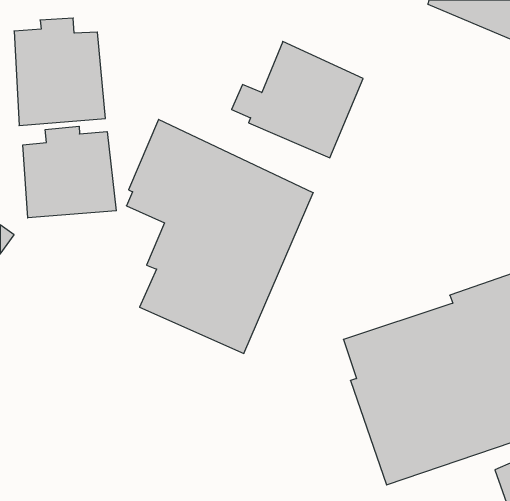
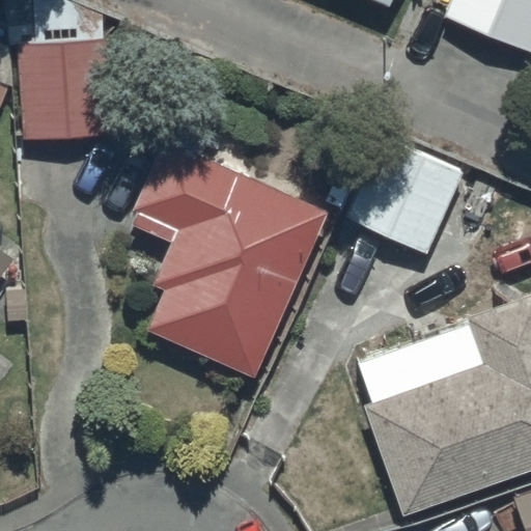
building: [232,41,363,158] -> [327,136,463,256]
building: [23,126,116,218] -> none

